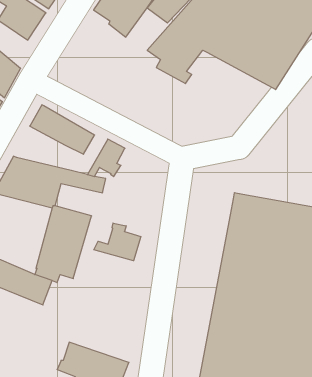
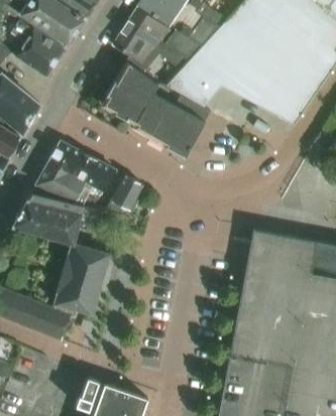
building: none -> [101,60,205,155]
building: none -> [32,161,93,205]
building: [94,223,141,261] -> none

